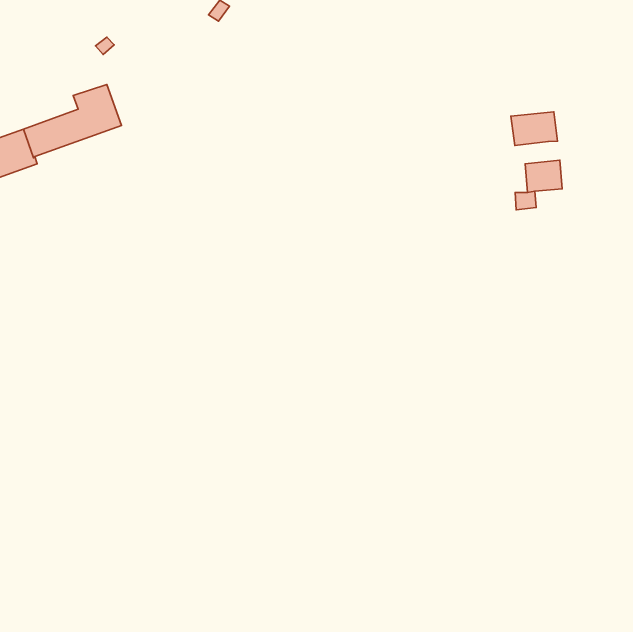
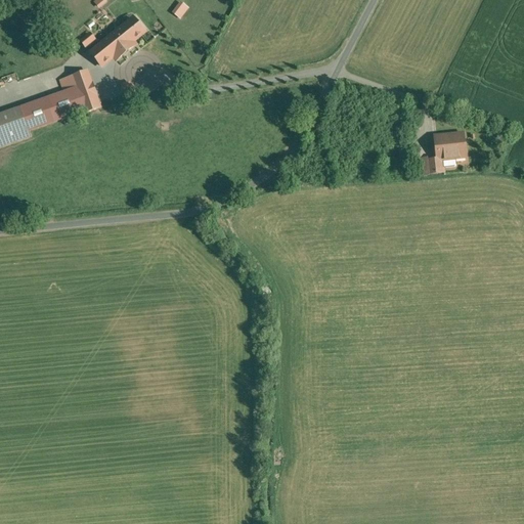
building: none -> [88,15,143,64]
building: [511,112,558,146] -> none

